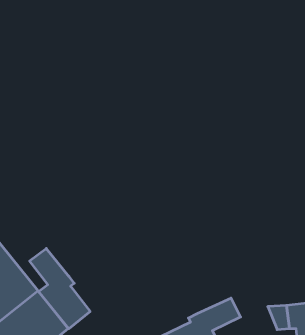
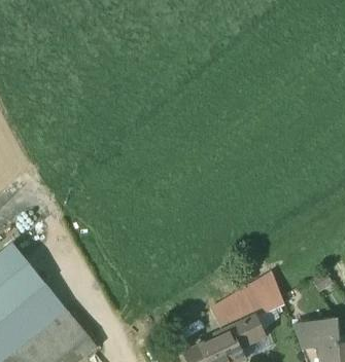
building: [30,248,90,329] -> none
building: none -> [210,269,287,331]

